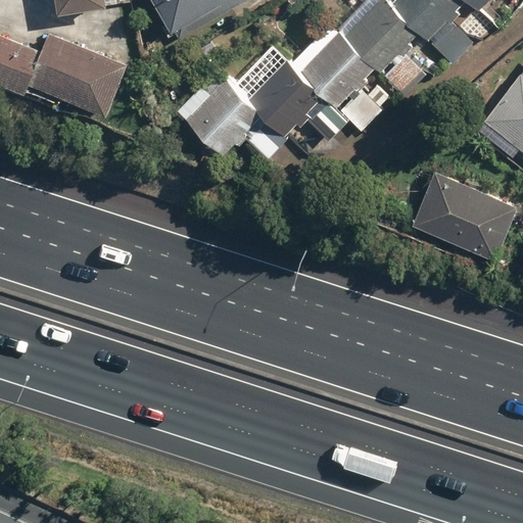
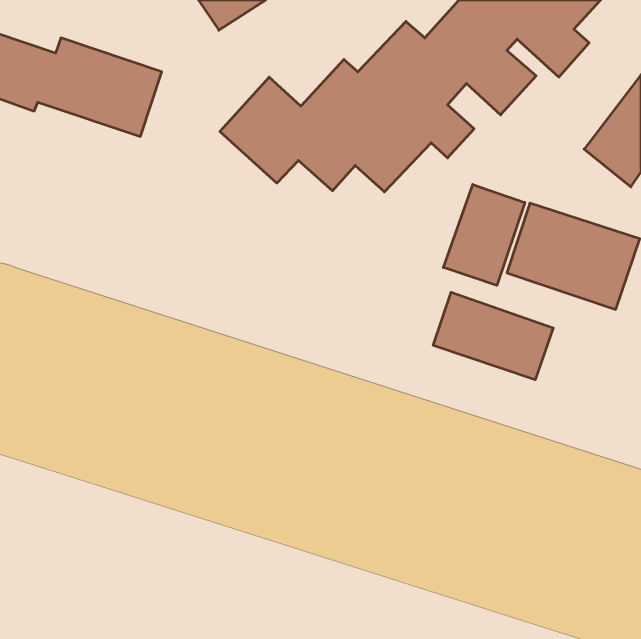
building: none -> [443,184,525,285]
building: none -> [433,292,553,380]

